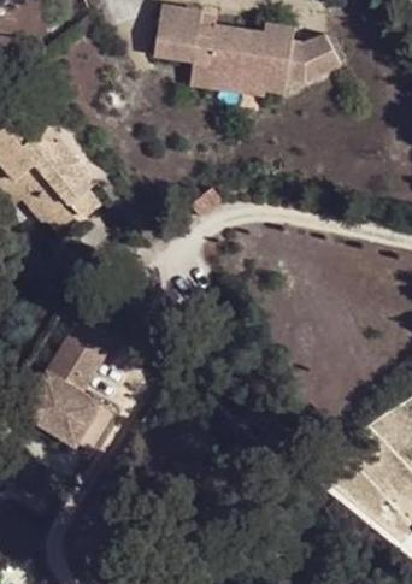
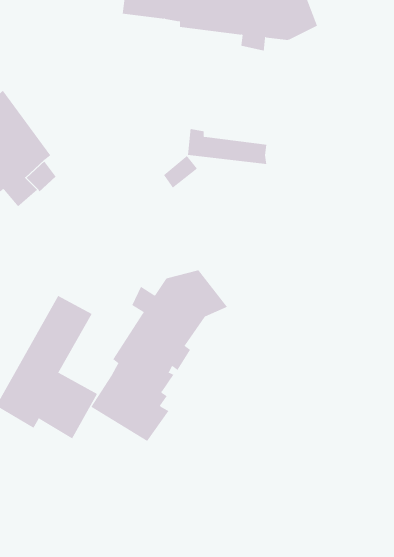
building: [188,63,260,95] -> [187,128,267,164]
building: none -> [90,269,228,442]

